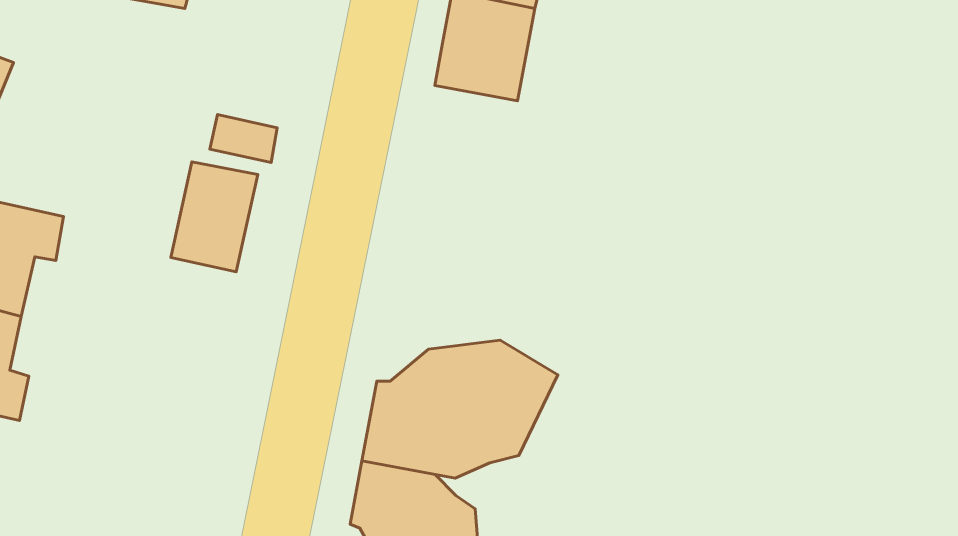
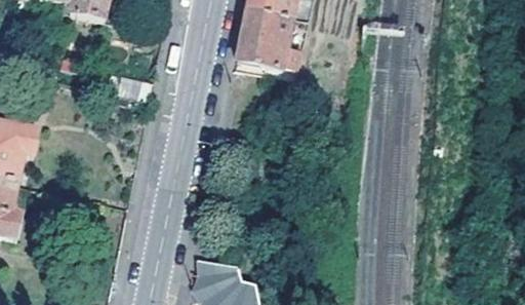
building: [171,162,258,272] -> none
building: [362,340,558,478] -> none

